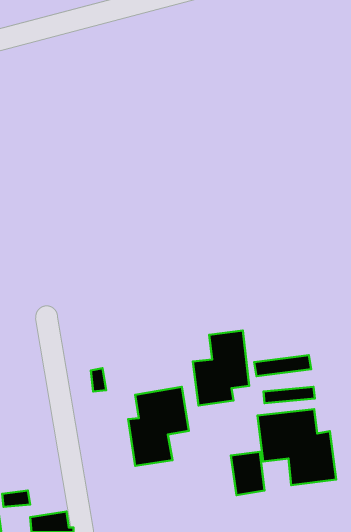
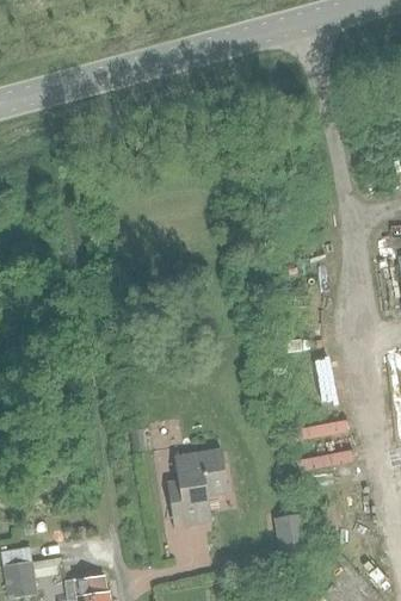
building: [193,331,249,405] -> none
building: [257,409,336,485] -> none

